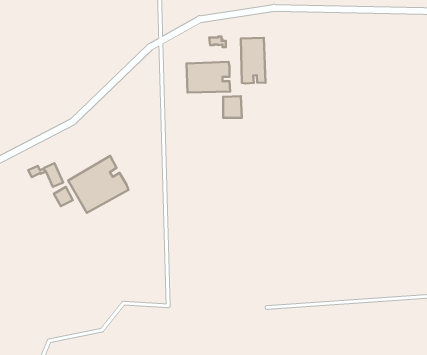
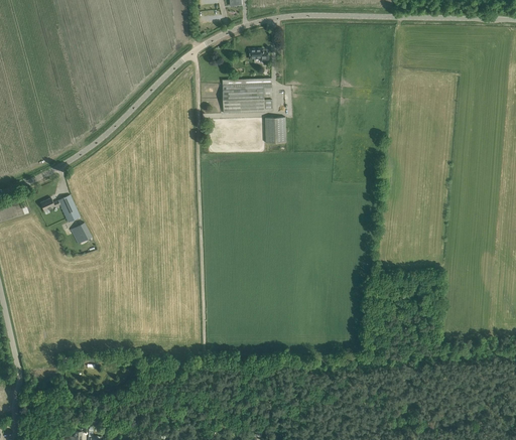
building: [241,38,266,83] -> none
building: [68,156,129,213] -> none

